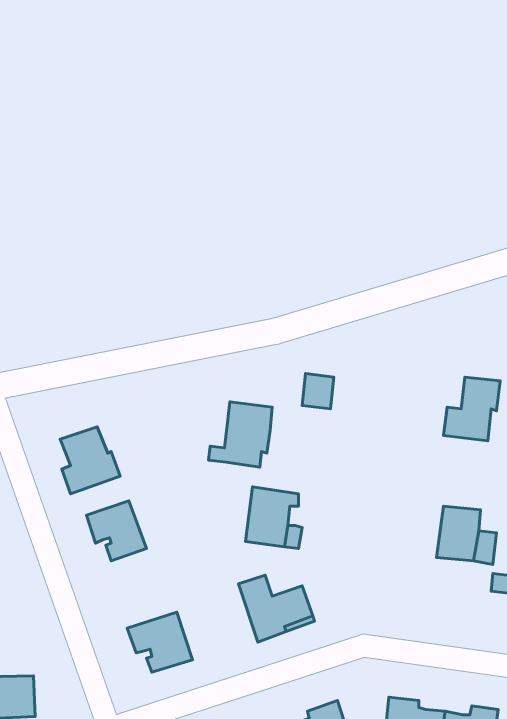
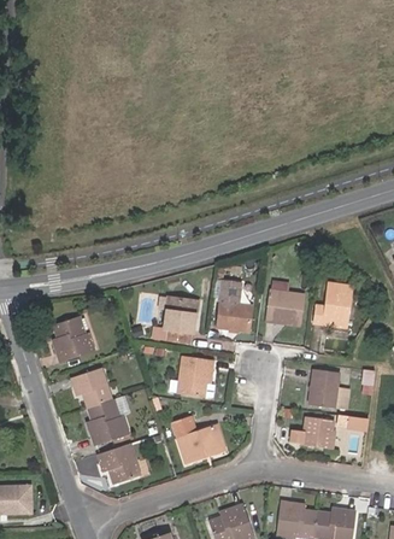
building: none -> [266,288,305,324]
building: none -> [214,301,253,330]
building: none -> [88,399,130,444]
building: none -> [292,417,335,449]

